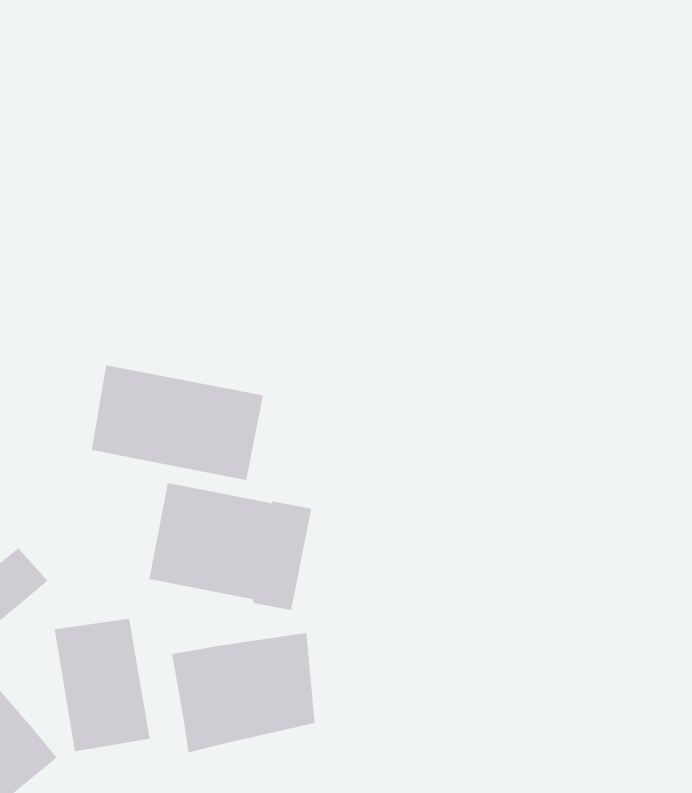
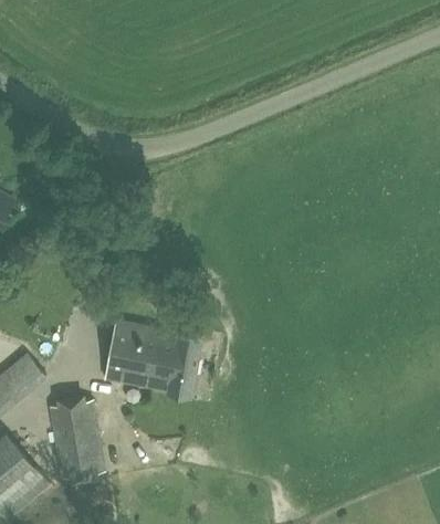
building: [91,364,263,481] -> none
building: [172,632,315,753] -> none

